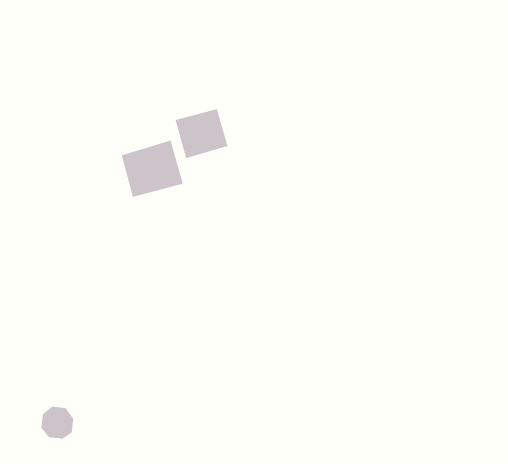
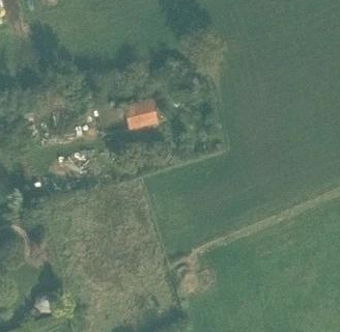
building: [121,140,184,198] -> none

